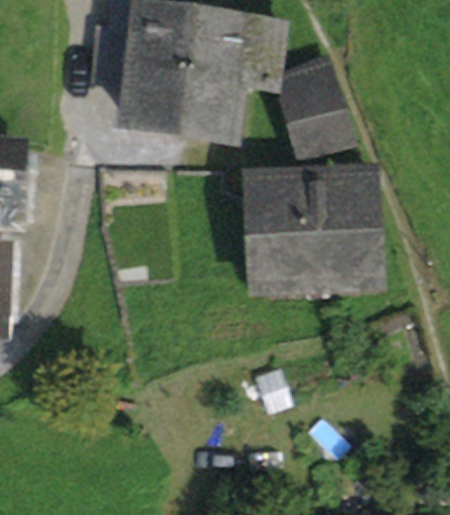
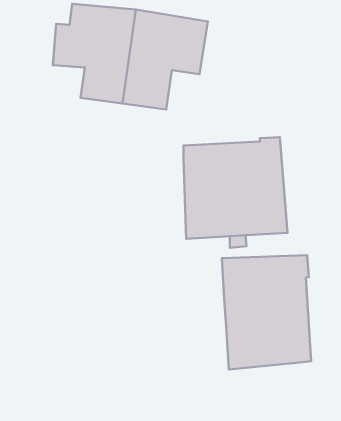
building: [283,59,346,148] -> none
building: none -> [222,255,311,369]

